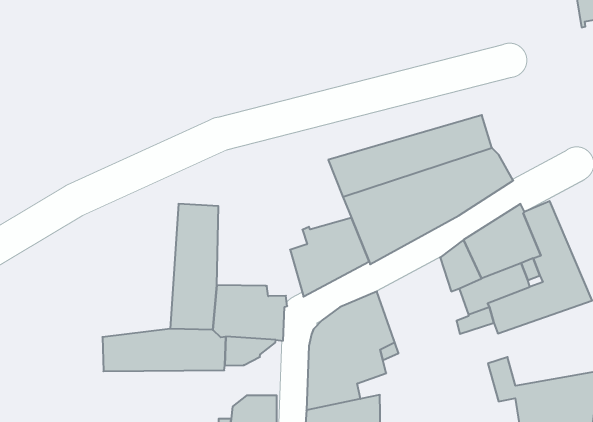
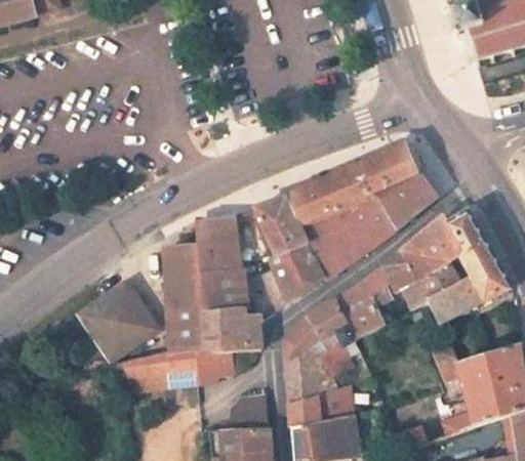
building: none -> [254,198,308,256]
building: none -> [195,214,244,310]
building: none -> [80,283,156,359]
building: none -> [335,271,394,338]

